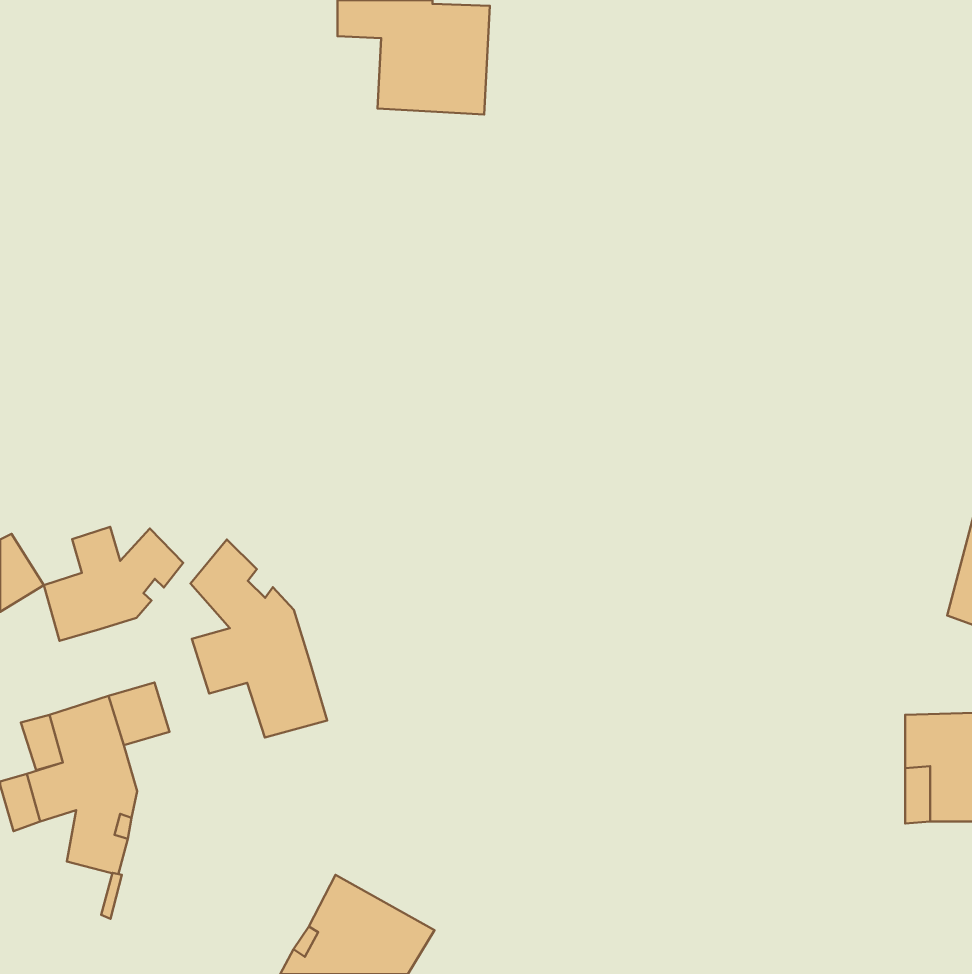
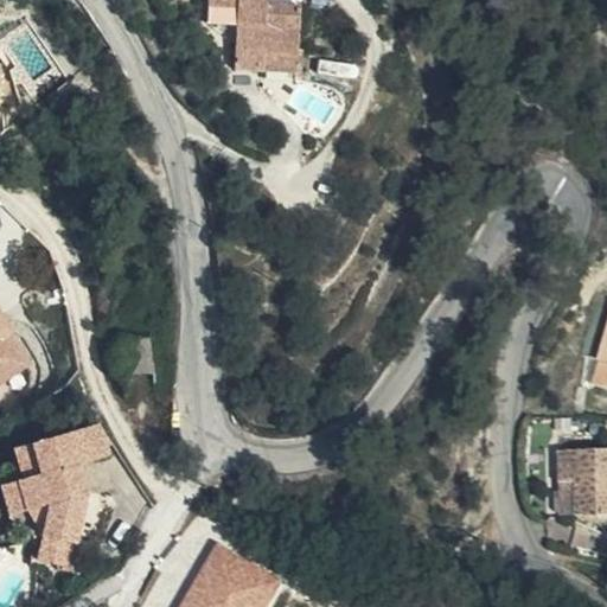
building: [44,527,183,641] -> none
building: [191,539,327,737] -> none

